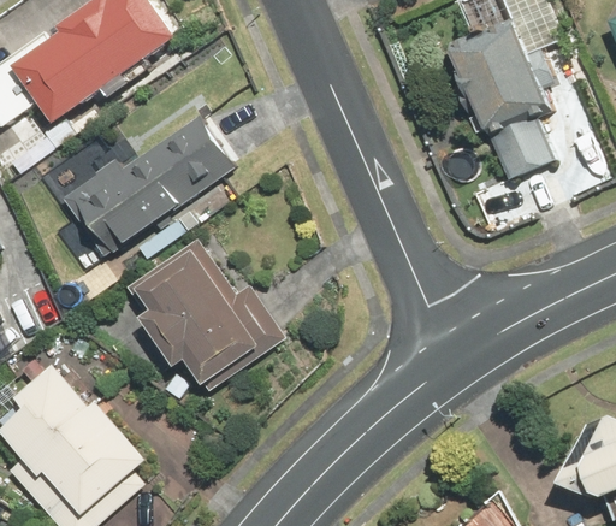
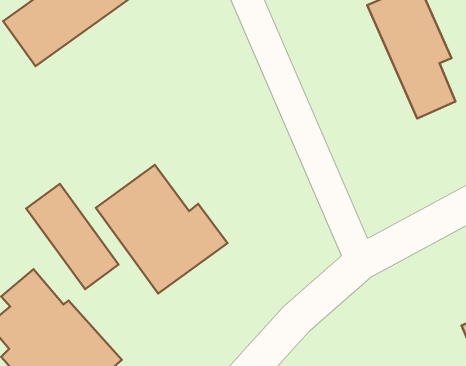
building: [65,110,233,256] -> none
building: none -> [26,184,119,289]

